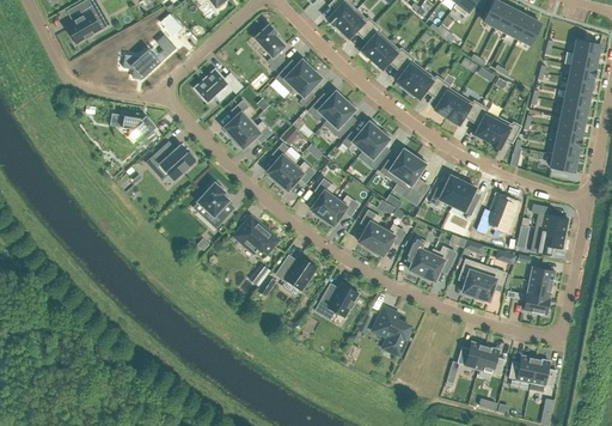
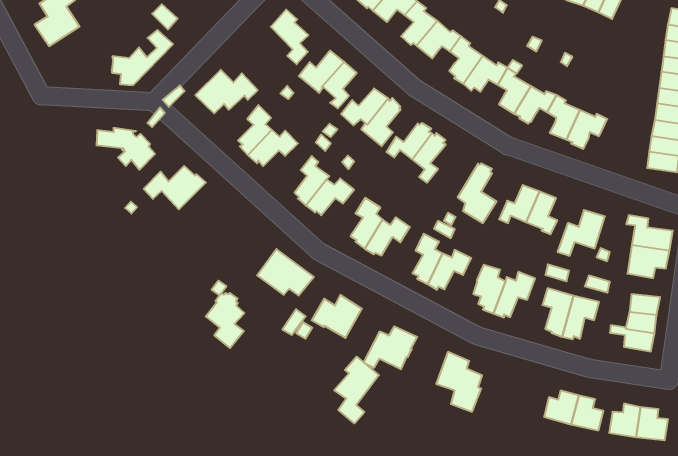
building: [379,148,415,182] -> none
building: [197,183,228,227] -> [206,293,244,348]
building: none -> [334,357,379,423]

